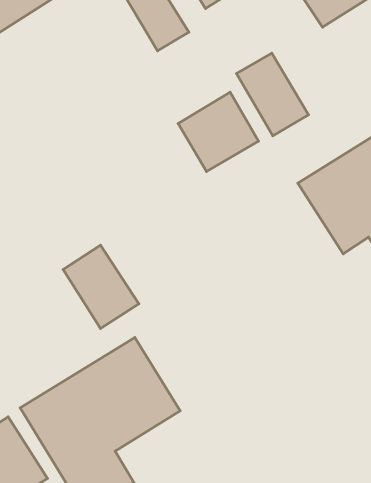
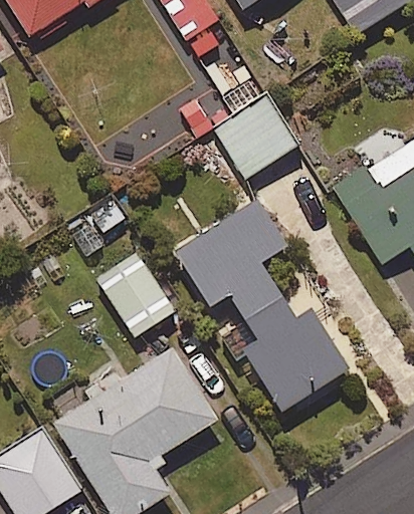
building: [237,53,309,136] -> none
building: none -> [174,202,350,412]

